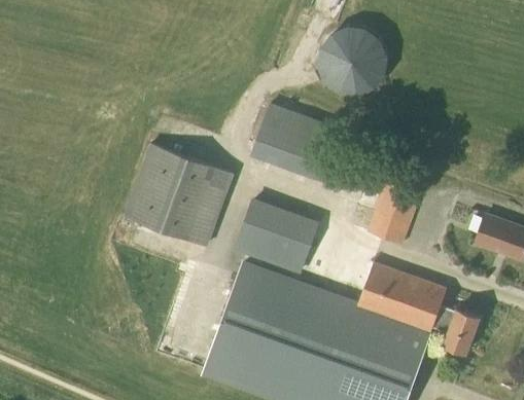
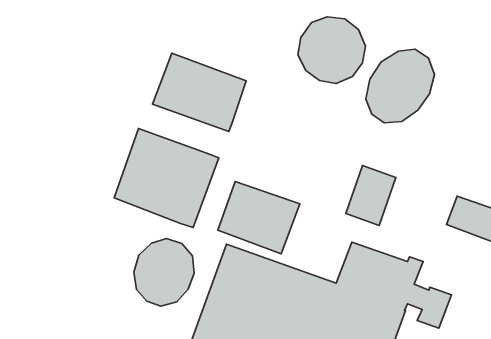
building: none -> [366,49,435,123]
building: [249,103,348,185] -> [152,53,246,132]
building: none -> [134,238,194,306]

